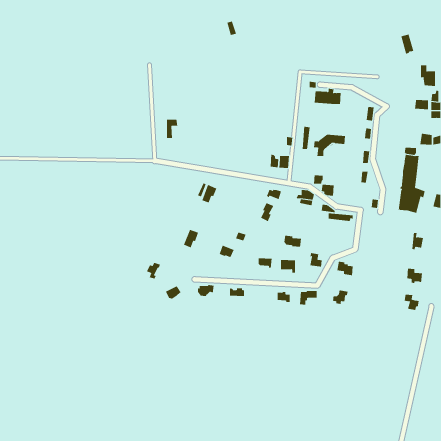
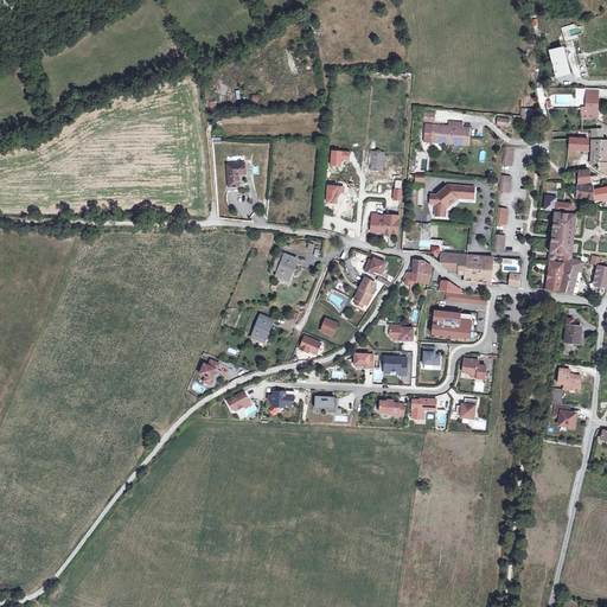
building: none -> [464,255,492,283]
building: none -> [432,312,469,337]

